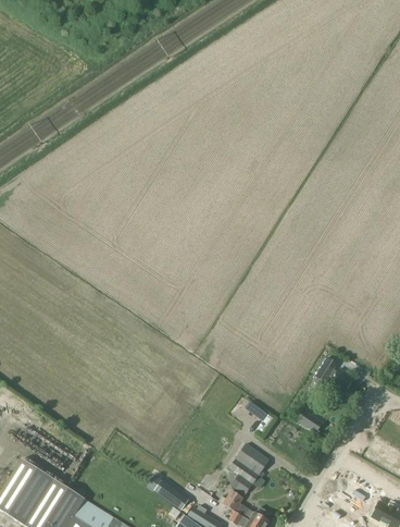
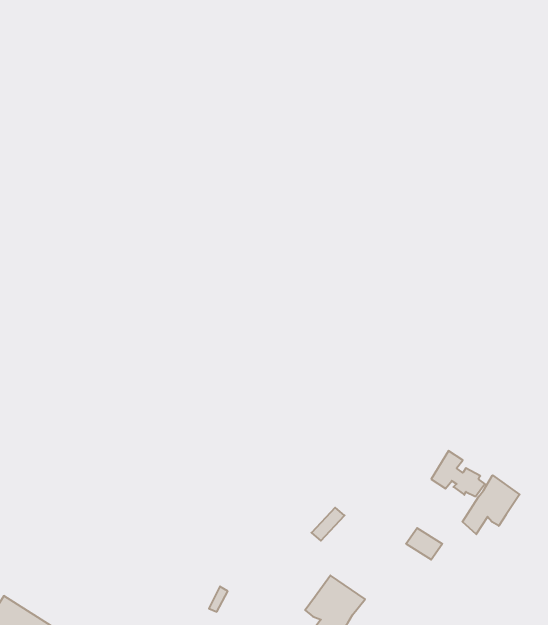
building: none -> [462,475,520,534]

